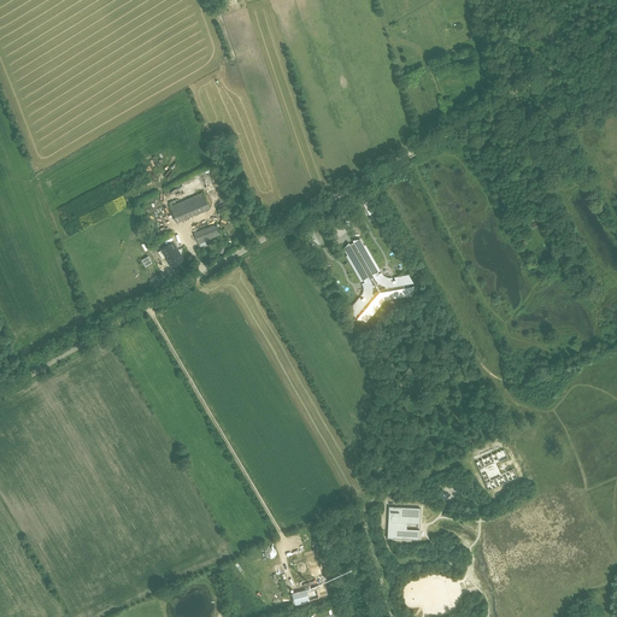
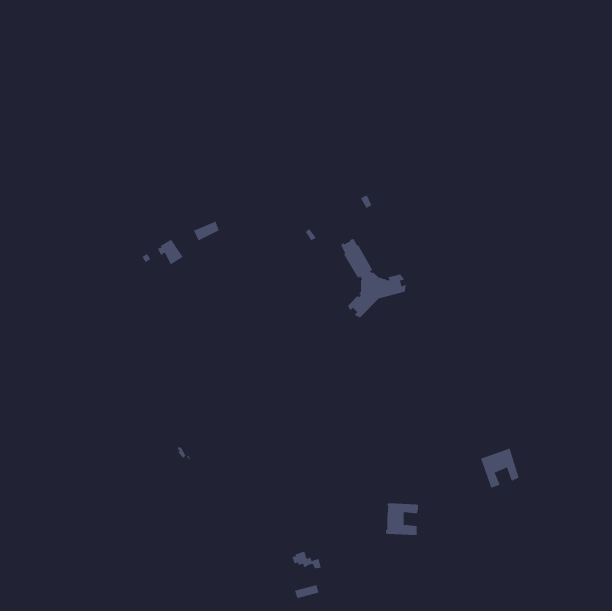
building: [171,189,211,221] -> none

